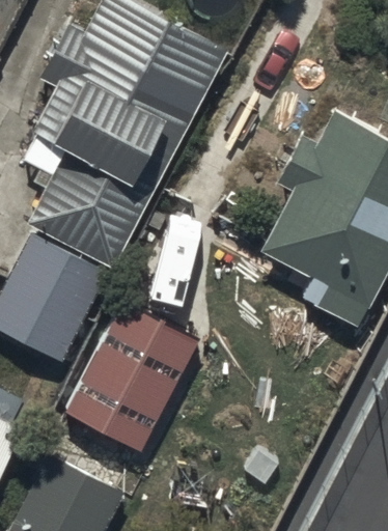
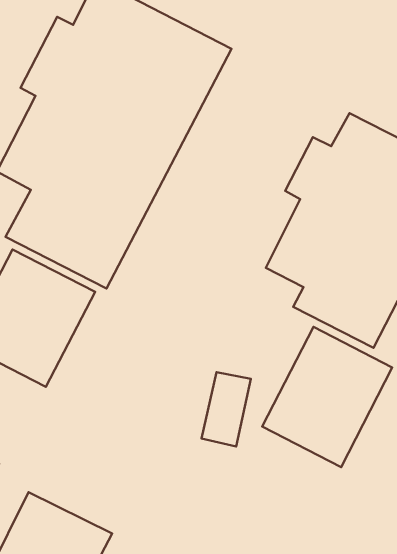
building: [66,301,200,452] -> none
building: none -> [262,327,392,467]

